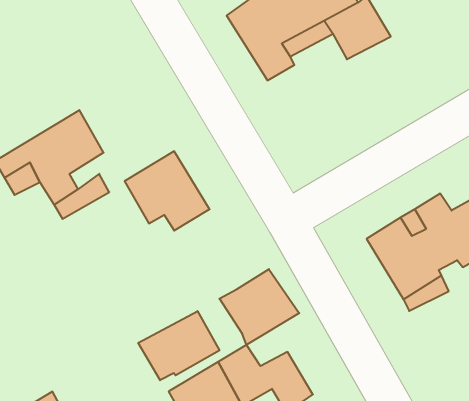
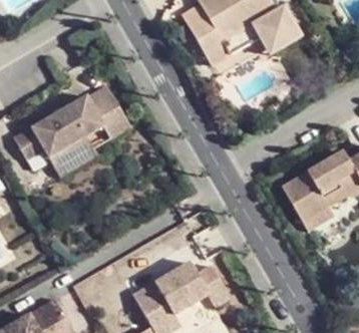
building: [125,151,210,231] -> [73,74,133,130]
building: [219,269,299,345] -> none
building: [138,311,219,380] -> none

